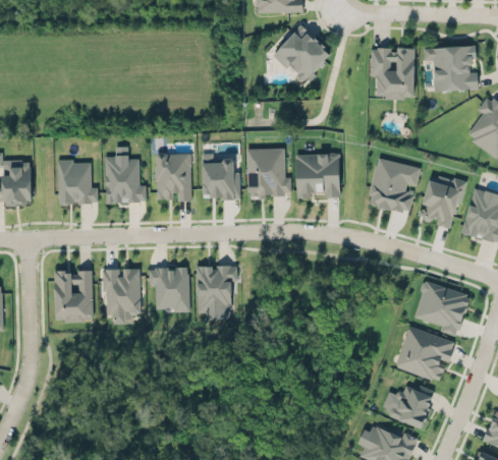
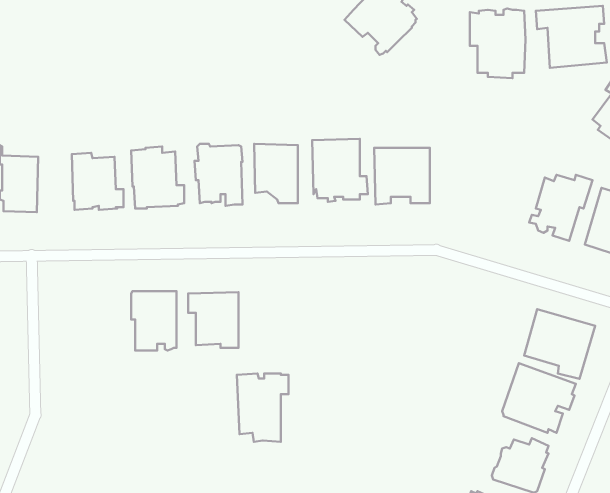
building: [367,160,420,215] -> none
building: [196,266,236,320] -> [237,373,289,442]
building: [54,270,93,323] -> none

